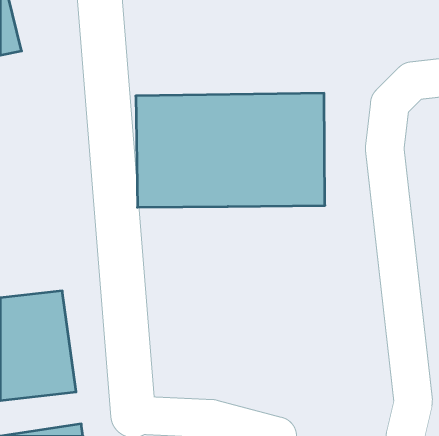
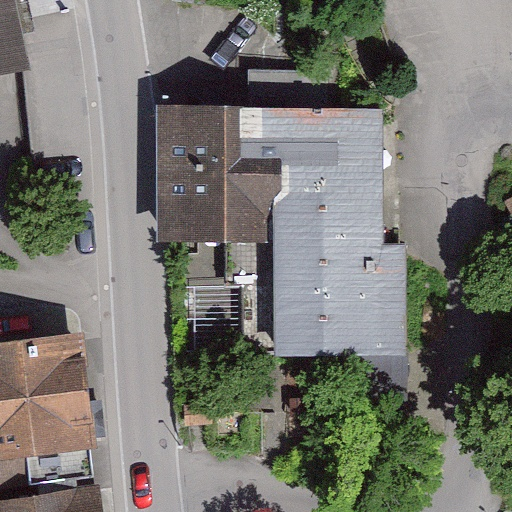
building: none -> [267,237,395,348]

